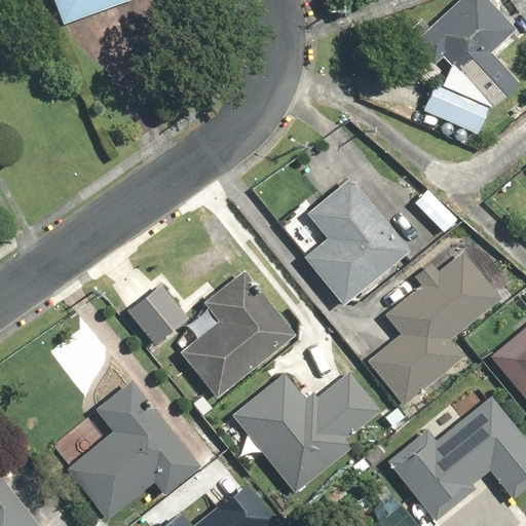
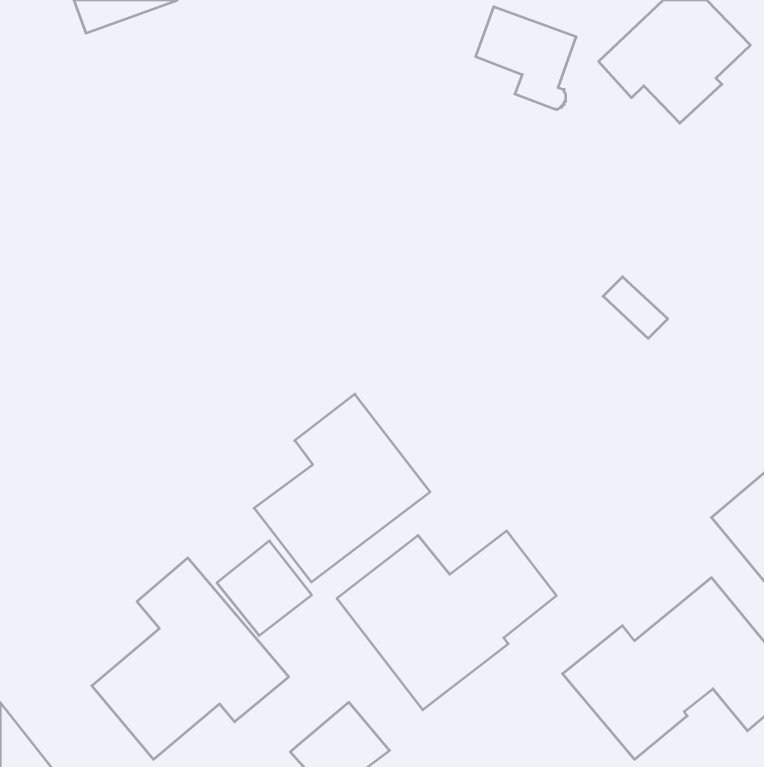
building: [423,80,492,150] -> [476,7,576,109]
building: [303,180,413,306] -> none
building: [366,245,504,406] -> none
building: [126,283,191,347] -> [217,541,312,636]

